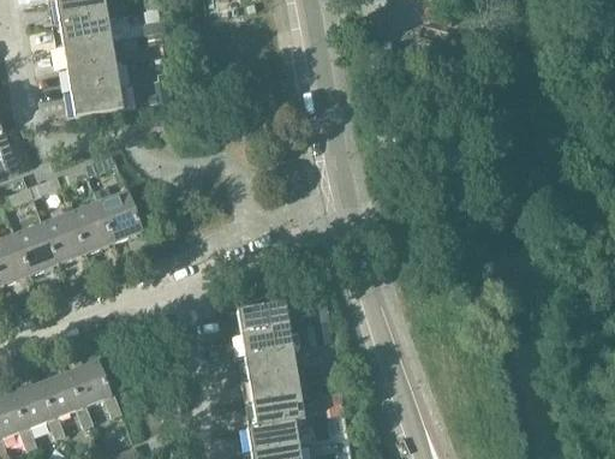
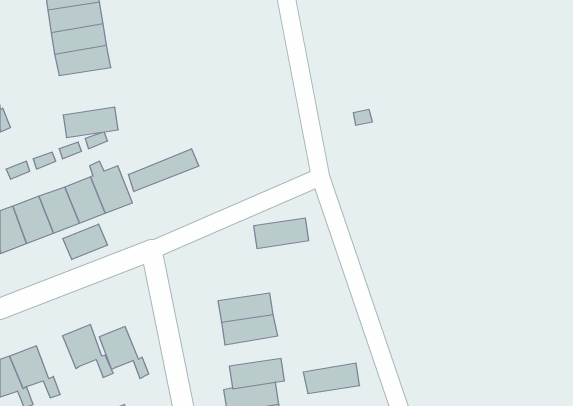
building: [66,84,125,117] -> [63,107,118,138]
building: none -> [128,149,199,192]
building: none -> [63,224,107,260]
building: [232,300,291,333] -> [254,218,309,248]
building: [42,370,95,425] -> [99,327,149,378]
building: [243,370,303,403] -> [303,363,360,393]

